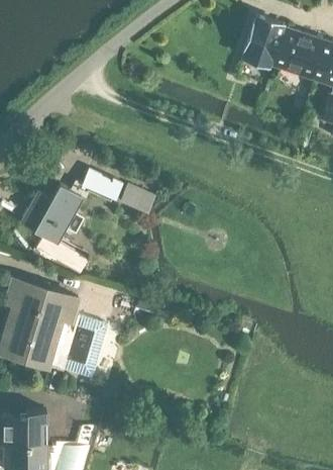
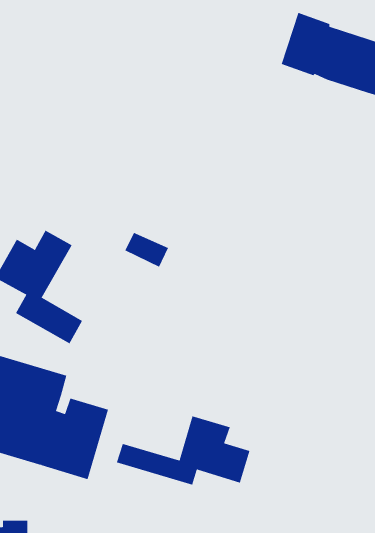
building: [82,169,122,202] -> none
building: none -> [116,415,250,486]

